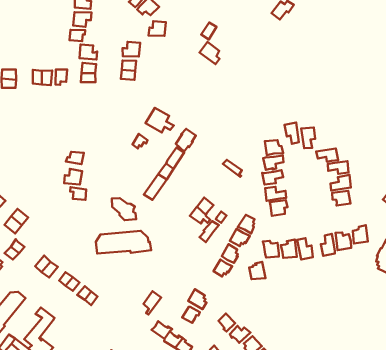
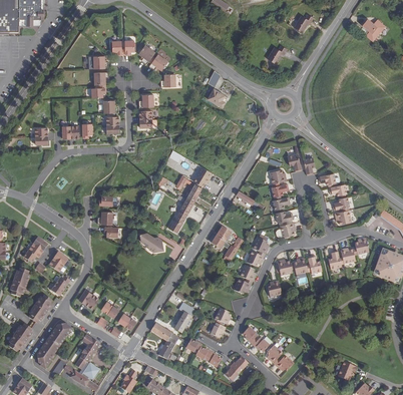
building: [96,231,151,253] -> none
building: none -> [150,322,178,359]

